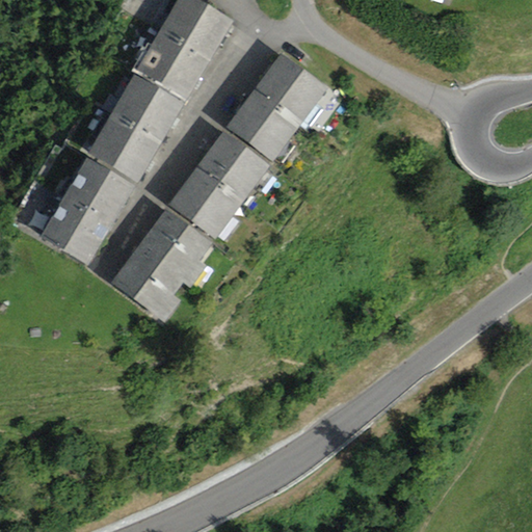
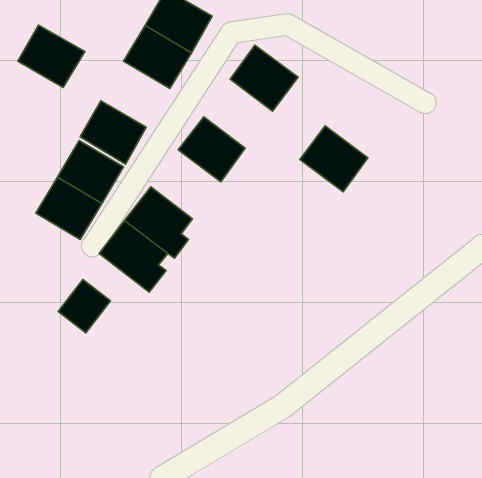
building: [111,72,185,140] -> [18,25,85,87]
building: [225,87,300,160] -> [300,126,368,192]
building: [169,165,243,237] -> none
building: none -> [58,280,111,333]

